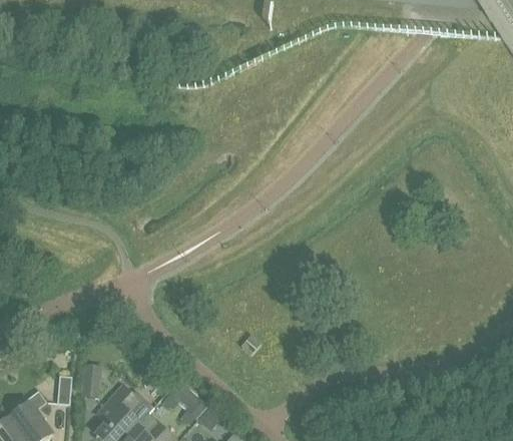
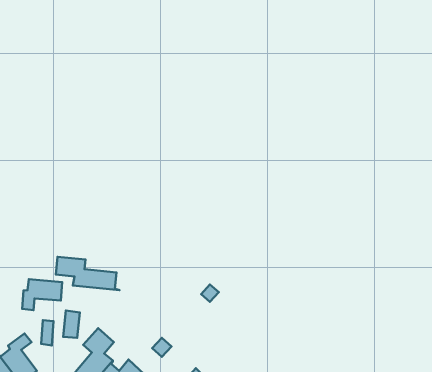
building: none -> [56,257,120,290]
building: none -> [22,279,62,310]

